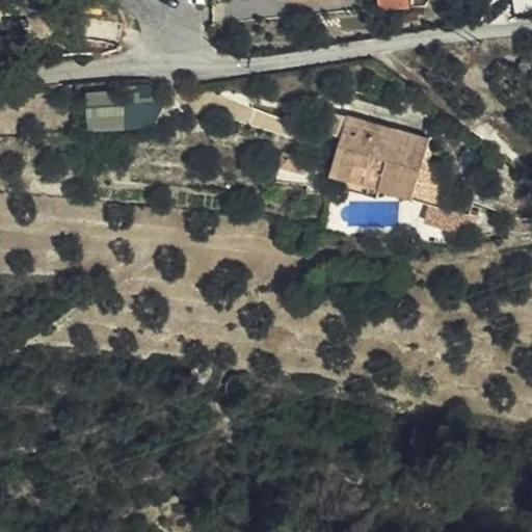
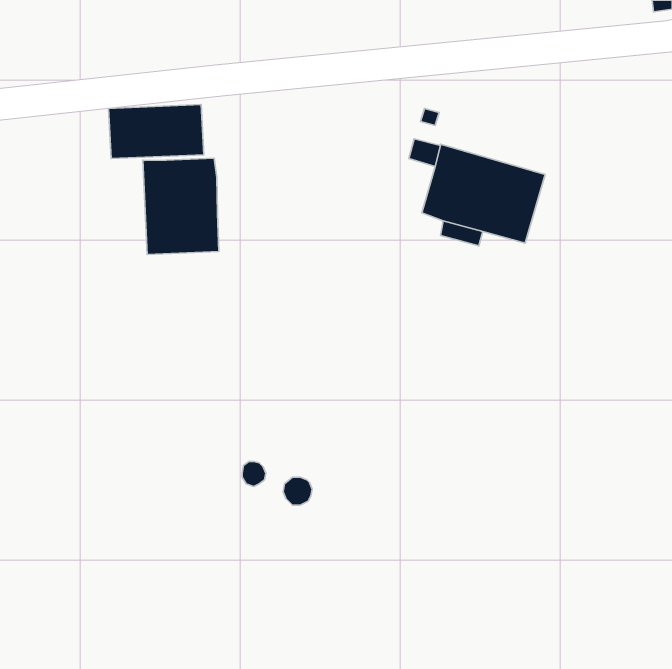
building: none -> [143,158,219,254]

